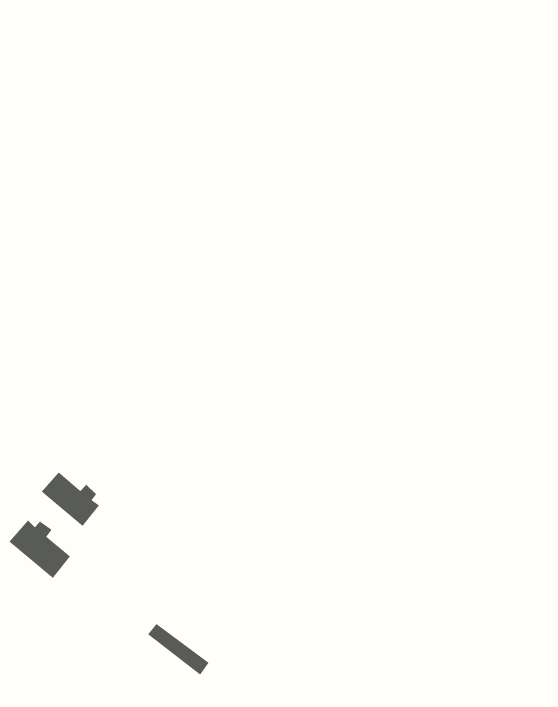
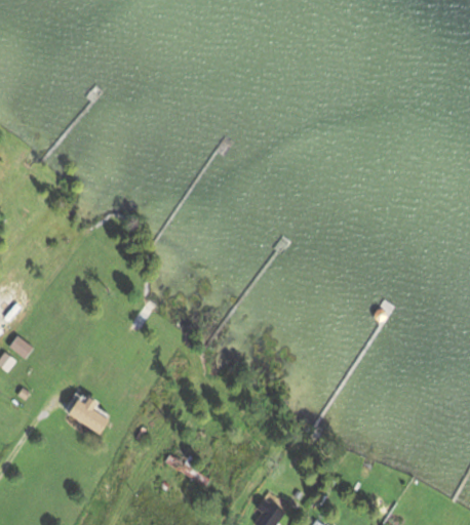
building: [41,472,100,527] -> none

